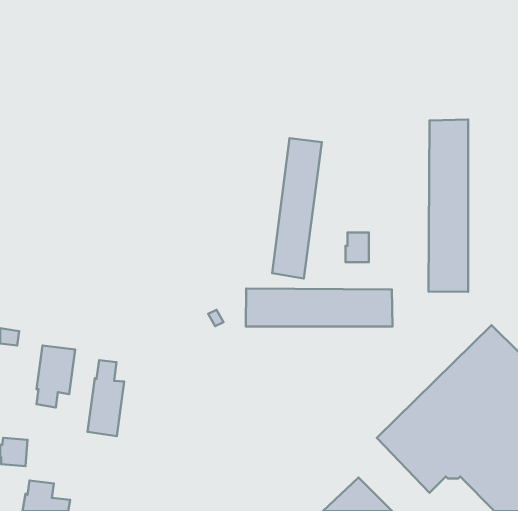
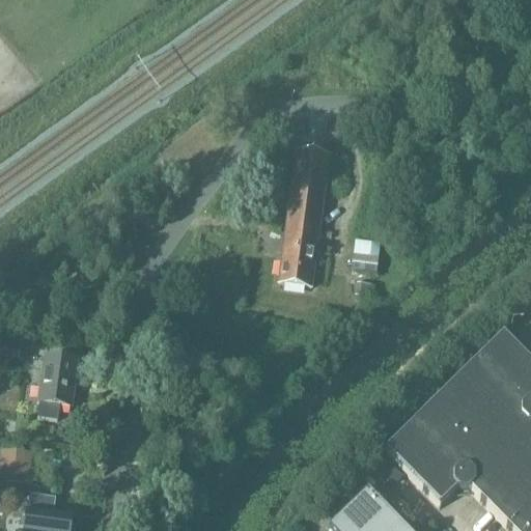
building: [429,120,468,292] -> none
building: [246,289,393,326] -> none
building: [88,360,124,436] -> none

